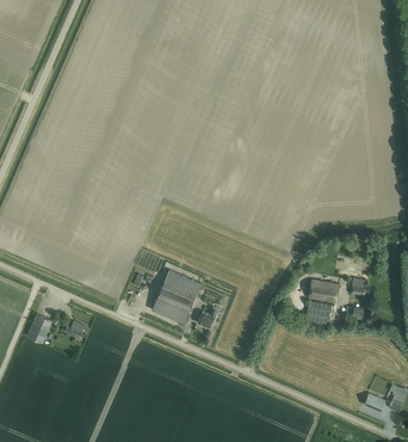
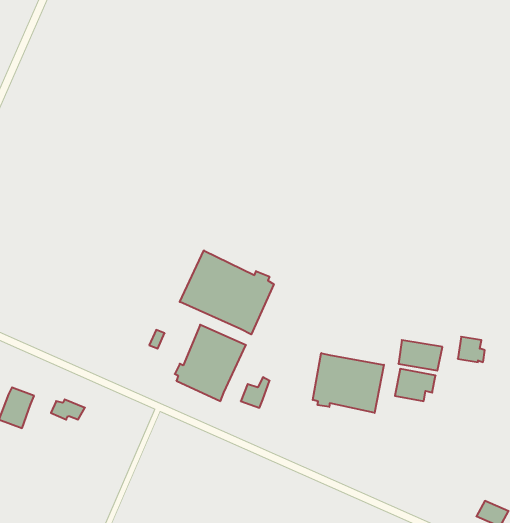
building: none -> [180,250,274,334]
building: none -> [313,353,384,413]

